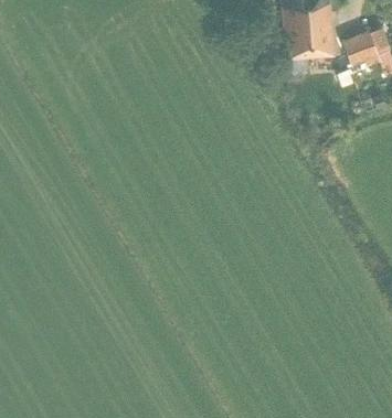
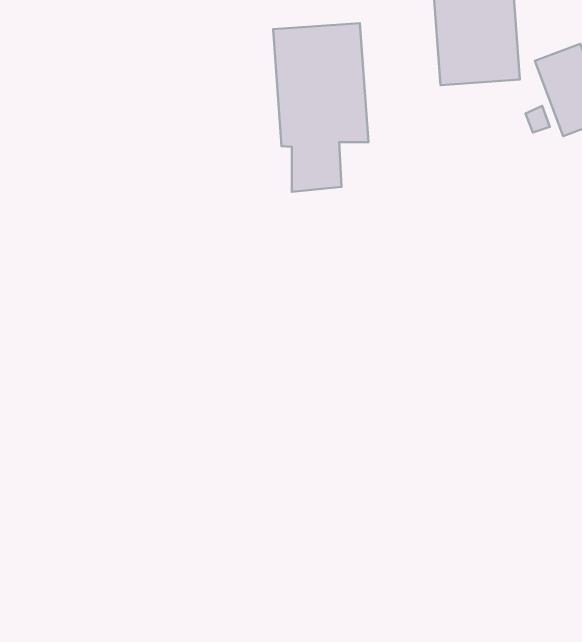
building: none -> [273,23,368,192]

